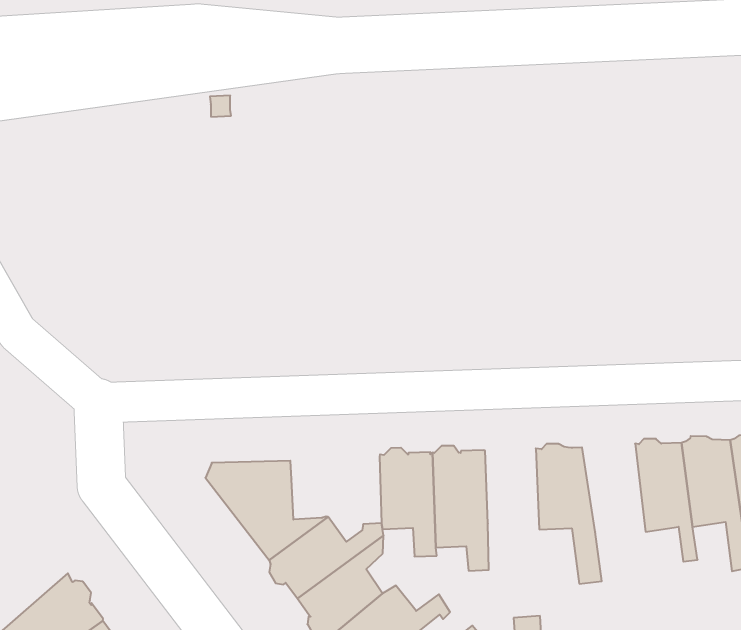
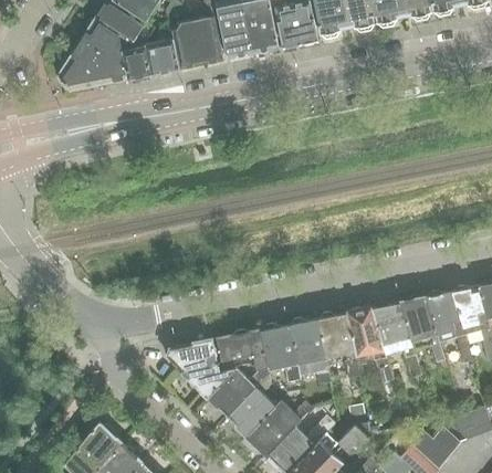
building: none -> [371,302,422,378]
building: none -> [318,313,359,378]
building: none -> [217,329,268,369]

